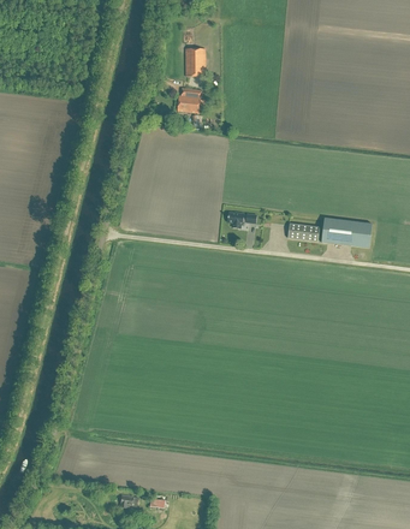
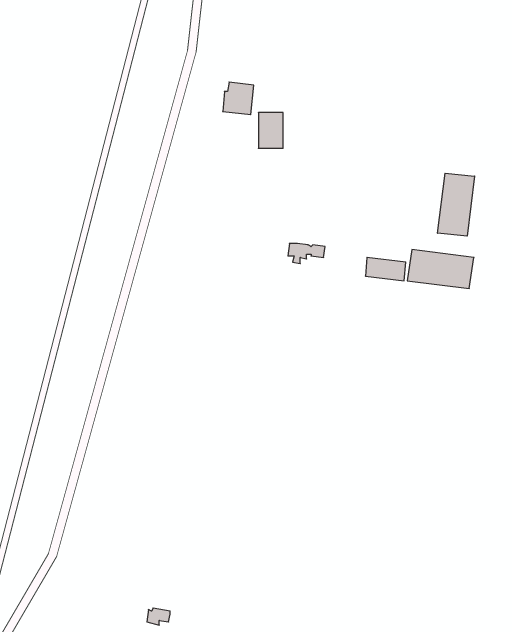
building: [185,47,204,75] -> [258,113,283,148]
building: none -> [438,173,475,236]

